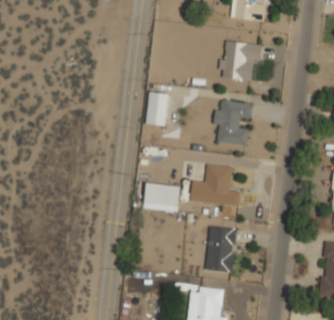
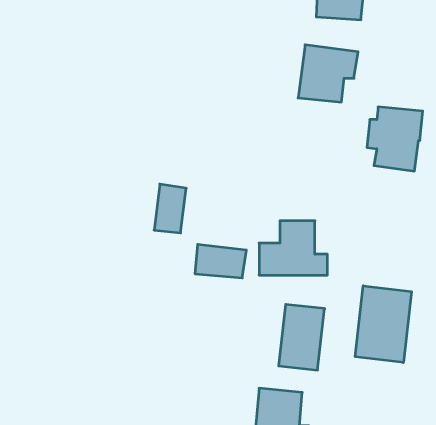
building: [146,91,170,126] -> [154,184,186,233]
building: [214,100,254,146] -> [367,107,423,171]
building: none -> [355,286,411,363]

